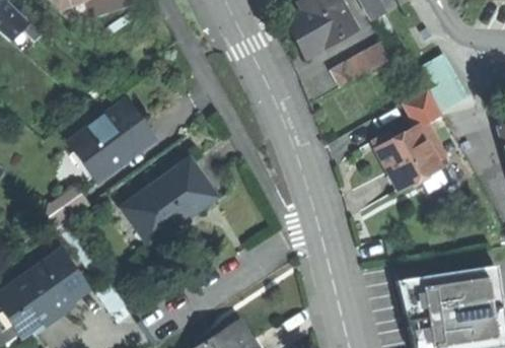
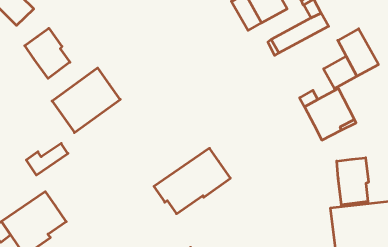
building: none -> [25,28,70,78]
building: [122,160,215,240] -> [154,148,230,214]
building: none -> [337,158,368,205]

